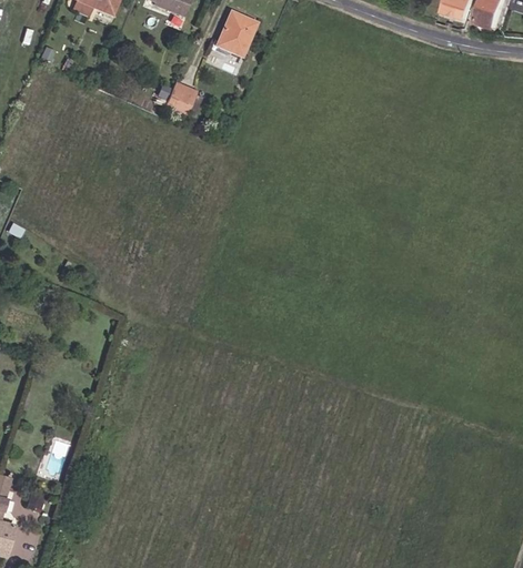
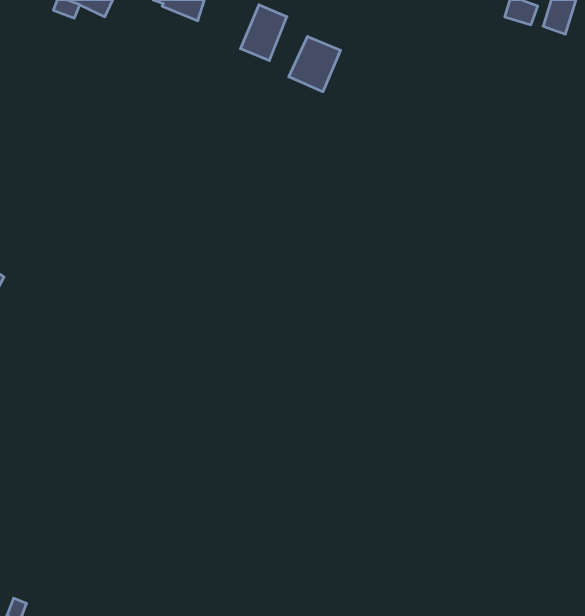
building: none -> [289,36,341,92]
building: [167,77,199,109] -> none

